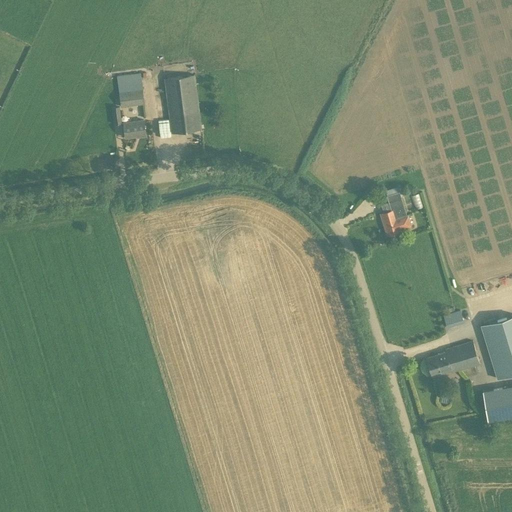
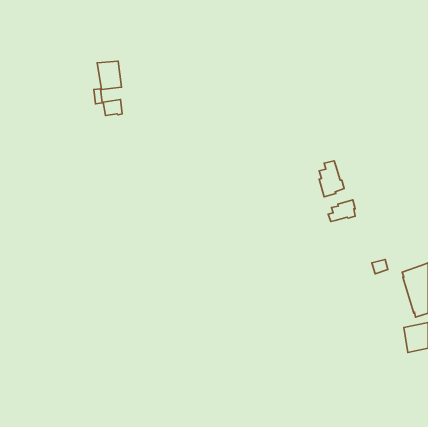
building: [165,75,201,134] -> none
building: none -> [328,200,355,222]
building: [426,342,479,377] -> none

